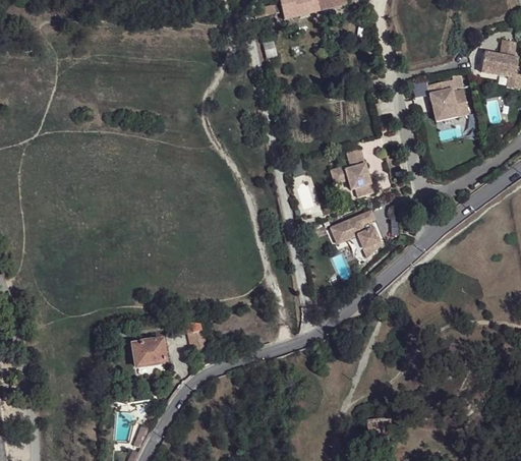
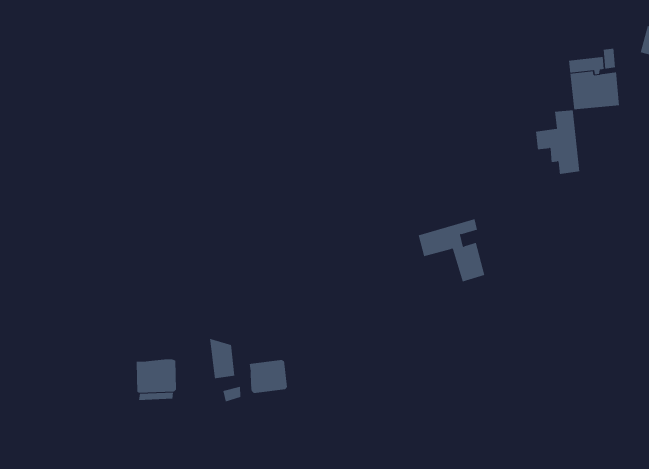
building: [332,148,368,196] -> [535,110,580,174]
building: none -> [249,359,288,394]

